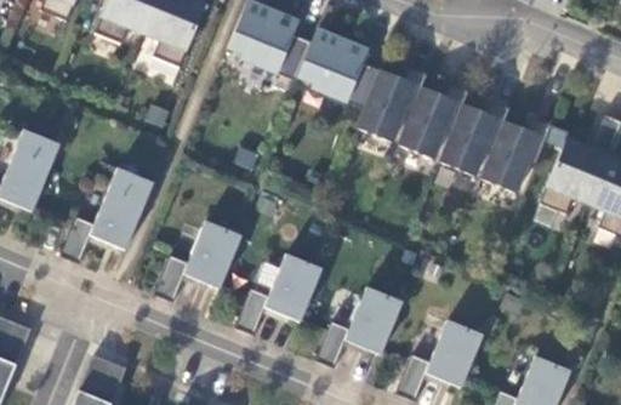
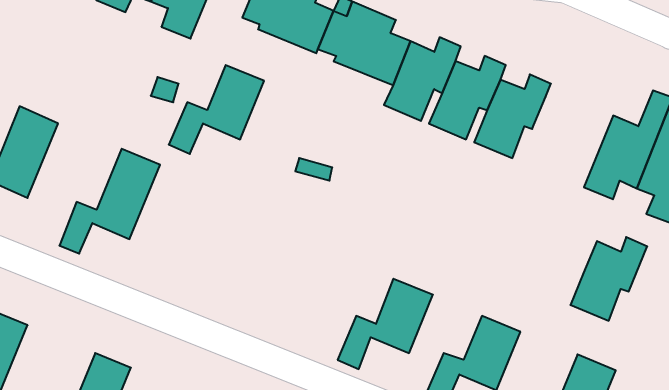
building: [482,116,552,193] -> [570,237,647,321]
building: [154,221,241,302] -> [169,65,264,154]
building: [235,253,321,335] -> none

